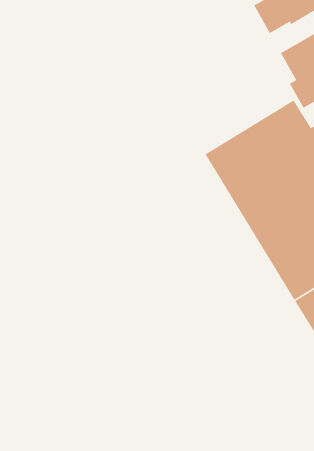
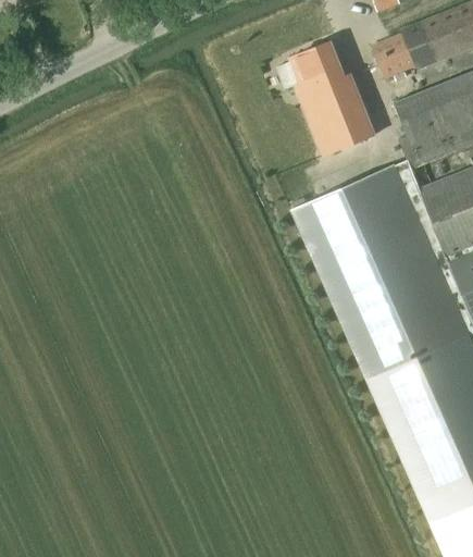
building: none -> [276,40,375,156]

